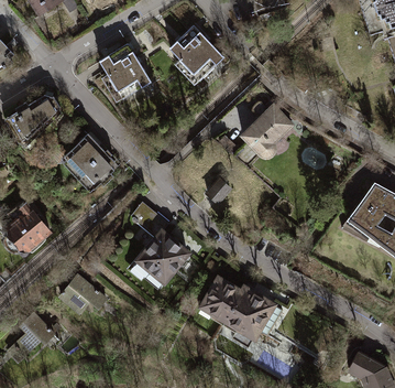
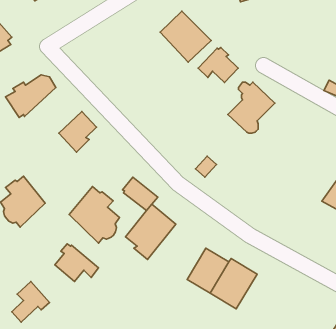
building: [101,44,152,101] -> none
building: none -> [198,47,238,83]
building: [83,149,114,187] -> none
building: none -> [69,187,120,243]

